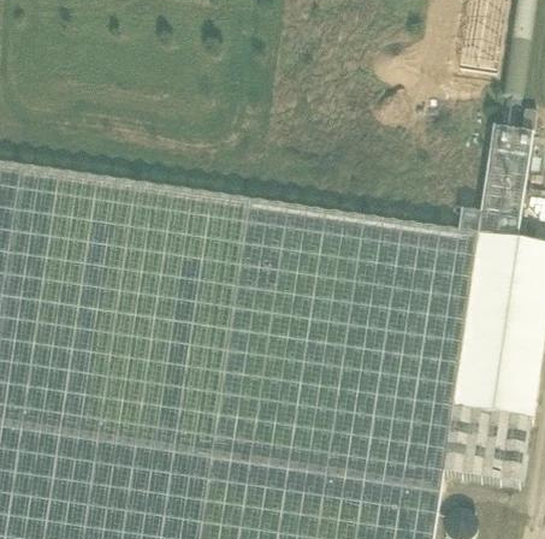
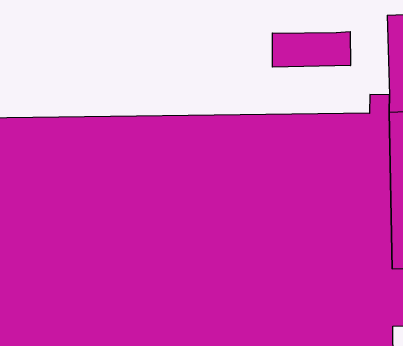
building: none -> [272,32,350,67]

